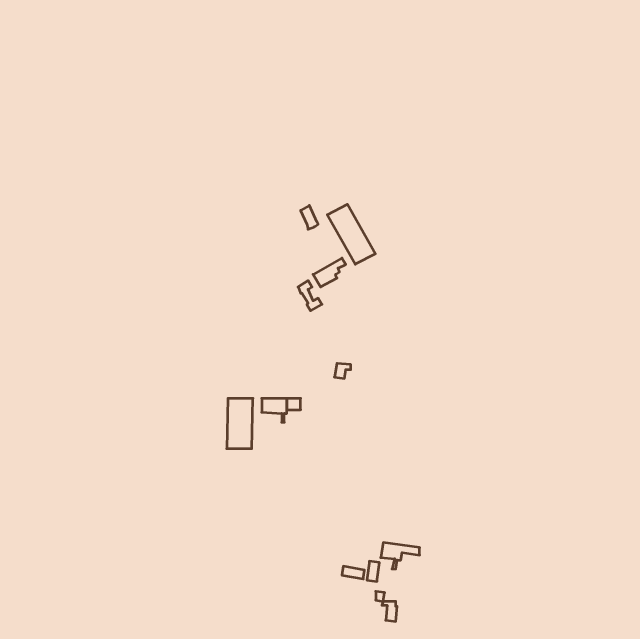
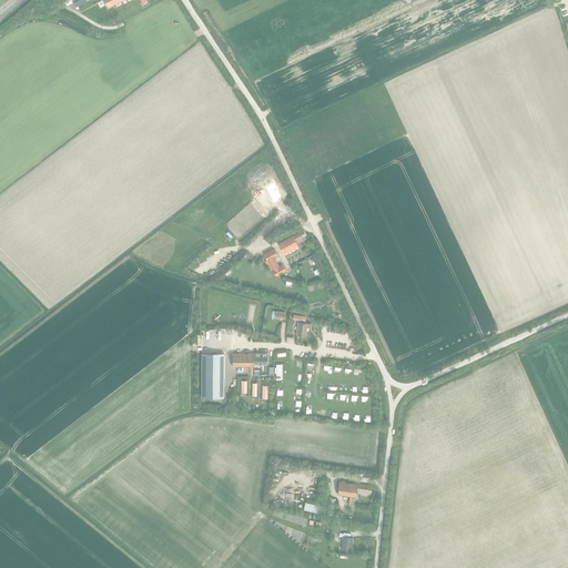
building: [327,204,375,264] -> none

